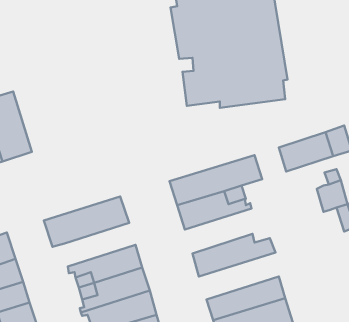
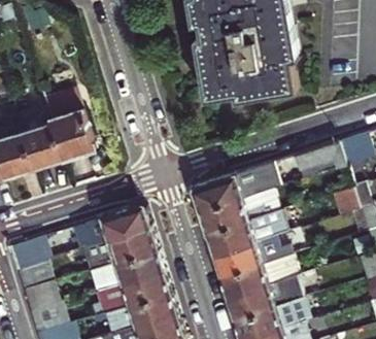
building: none -> [43,95,93,161]
building: none -> [205,211,285,257]
building: none -> [83,228,159,271]
building: none -> [218,256,297,300]

